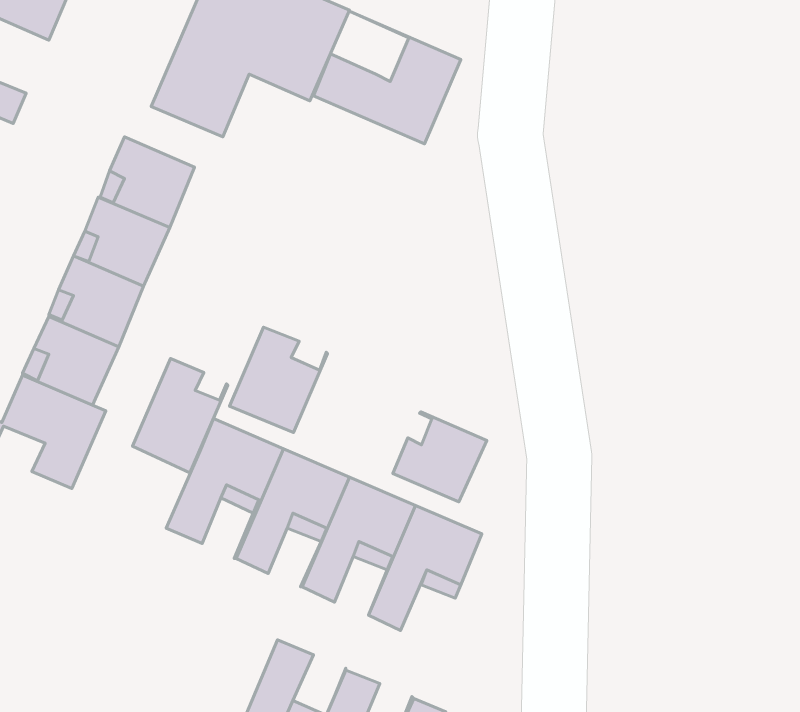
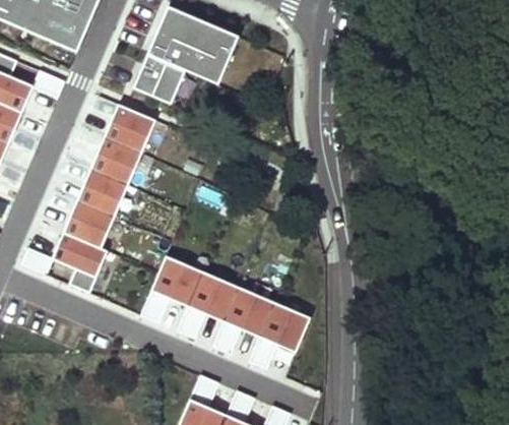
building: [314,11,461,144] -> none
building: [229,327,328,433] -> none
building: [133,358,228,473] -> none
building: [393,412,487,502] -> none

